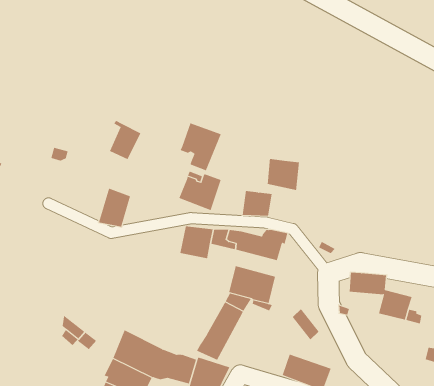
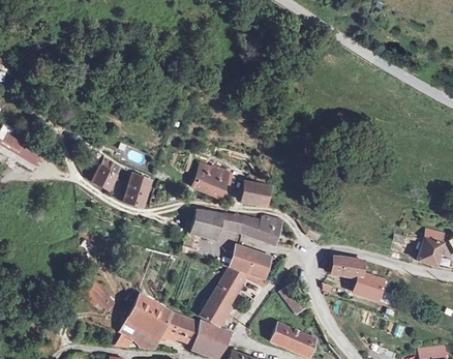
building: [109,120,141,160] -> [92,155,120,189]
building: [180,123,221,171] -> none
building: [267,158,299,191] -> none

